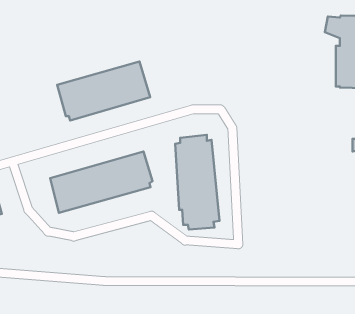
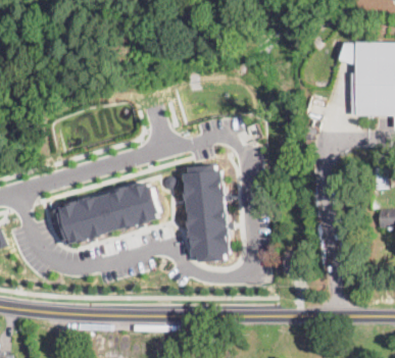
building: [57,62,150,120] -> none

